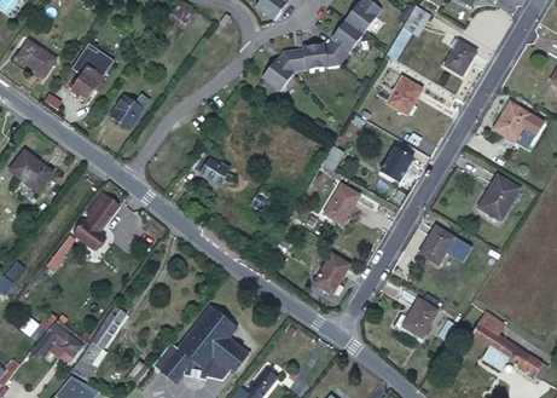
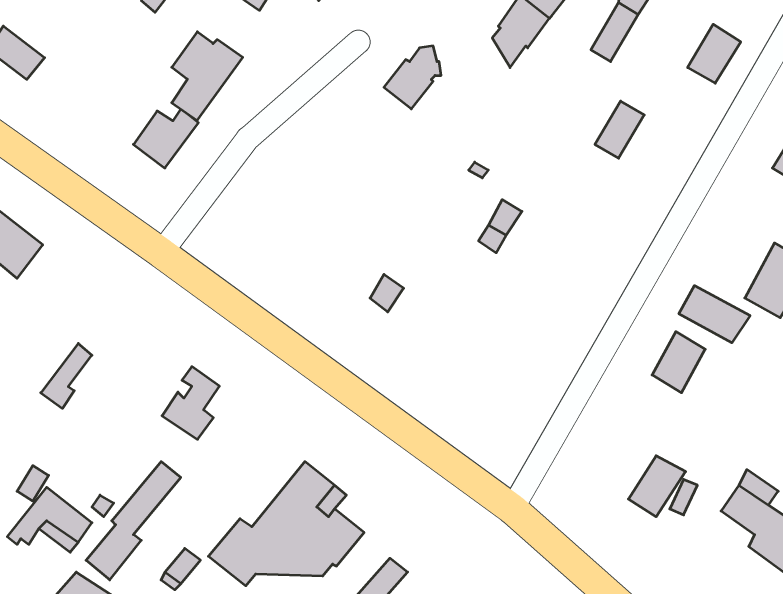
building: [70,42,114,97] -> [172,32,243,120]
building: [291,45,338,70] -> none
building: [384,145,417,184] -> none
building: [192,151,231,186] -> none
building: [330,185,361,223] -> none
building: none -> [679,286,750,343]
building: [80,204,115,249] -> [162,367,219,439]
building: [321,252,354,285] -> none

